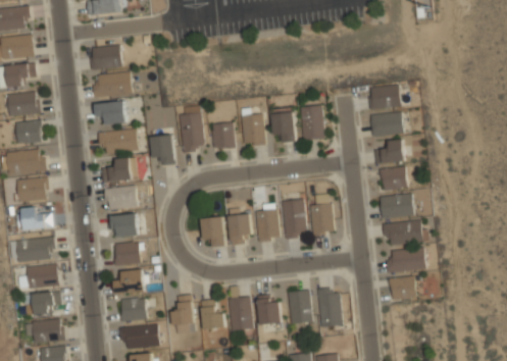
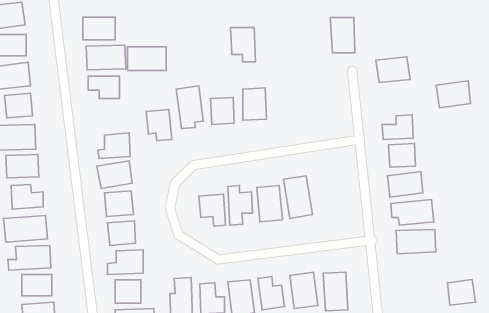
building: [300,106,323,140] -> [330,17,355,53]
building: [271,109,295,142] -> [231,28,255,62]
building: [370,111,403,137] -> [436,81,470,108]
building: [99,131,136,153] -> [127,47,166,70]
building: [310,194,332,235] -> none
building: [390,275,416,300] -> [448,280,476,305]

